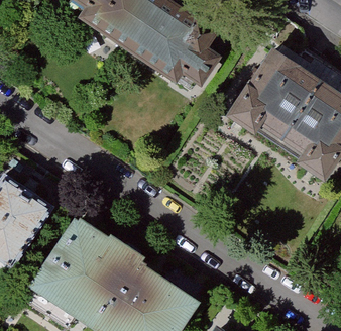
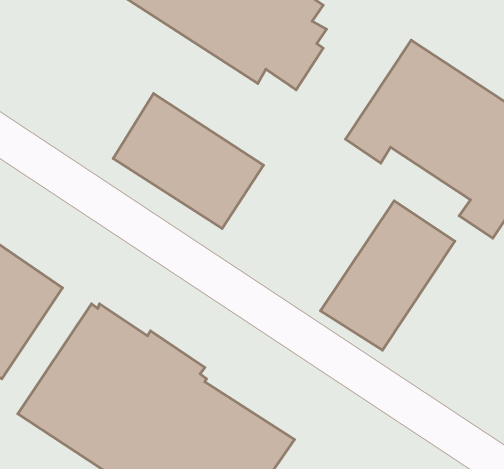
building: none -> [113,93,264,229]
building: none -> [320,201,455,350]

